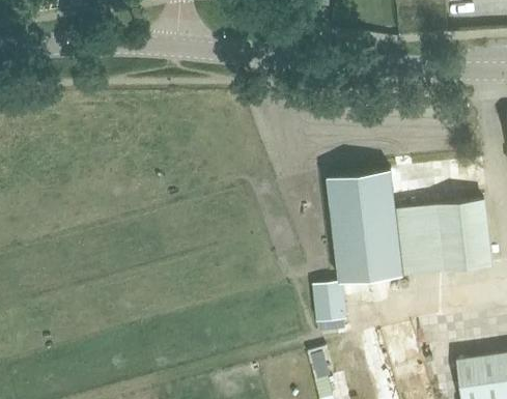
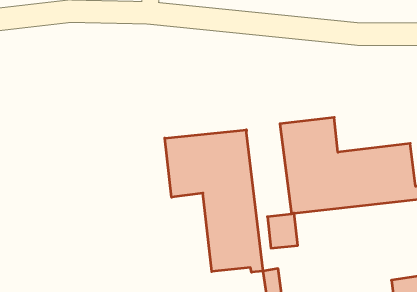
building: none -> [165,130,263,272]

